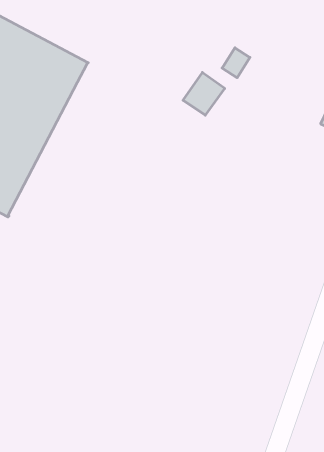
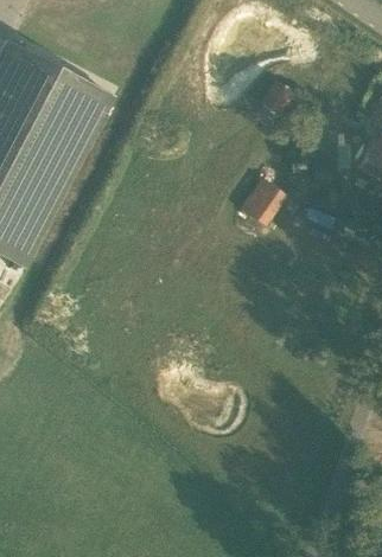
building: [183,72,225,115] -> [238,174,285,222]

